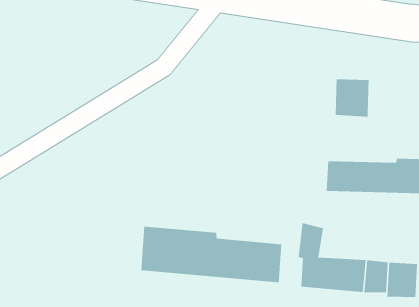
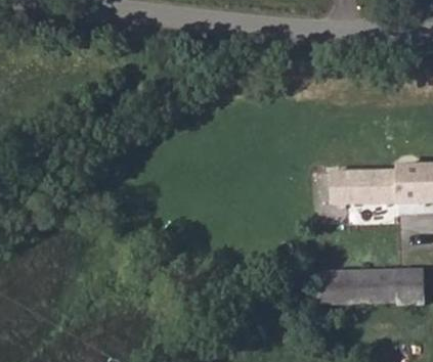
building: [335,78,369,118] -> none
building: [141,226,282,283] -> none

